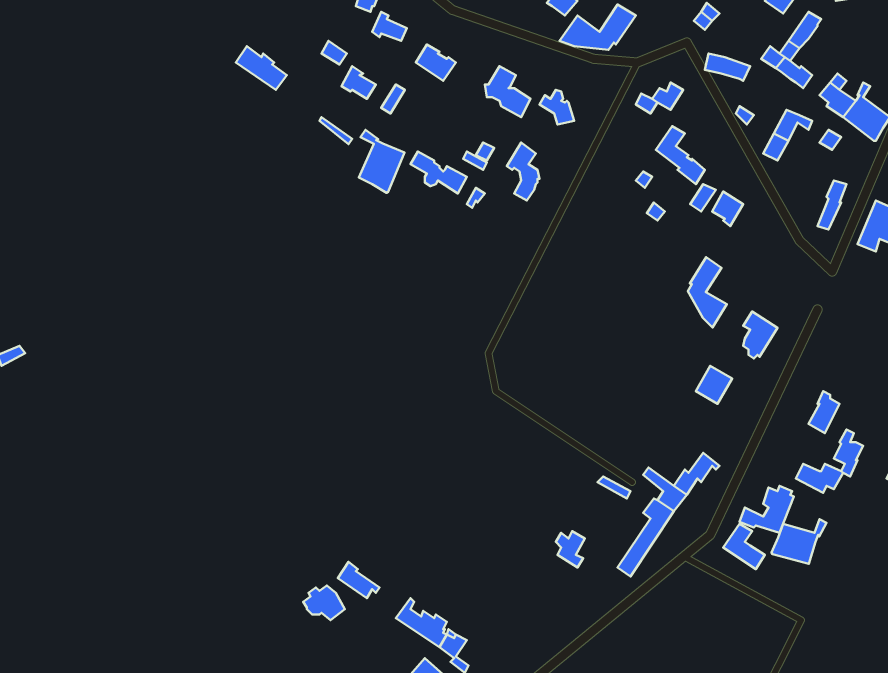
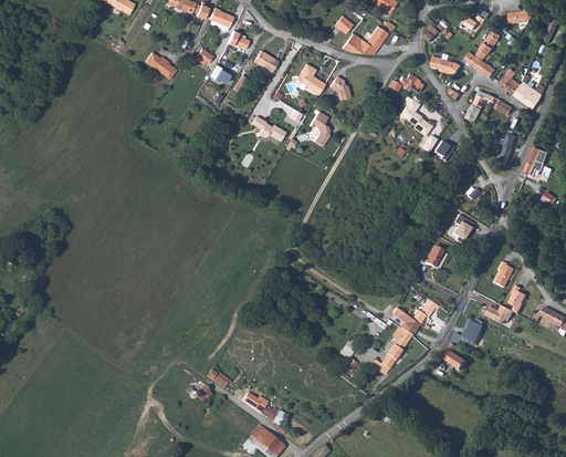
building: [359,130,405,193] -> none
building: [688,257,727,328] -> none
building: [772,519,827,564] -> none

